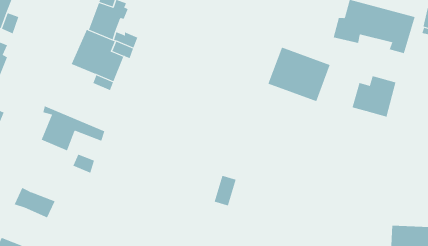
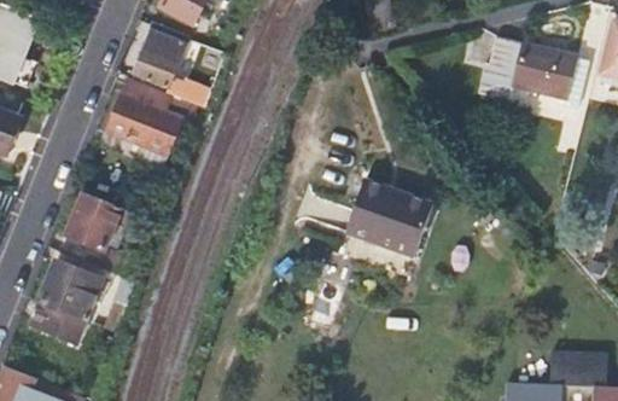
building: [268,47,331,102] -> [345,174,433,251]
building: [352,75,396,117] -> none
building: none -> [39,258,109,319]

